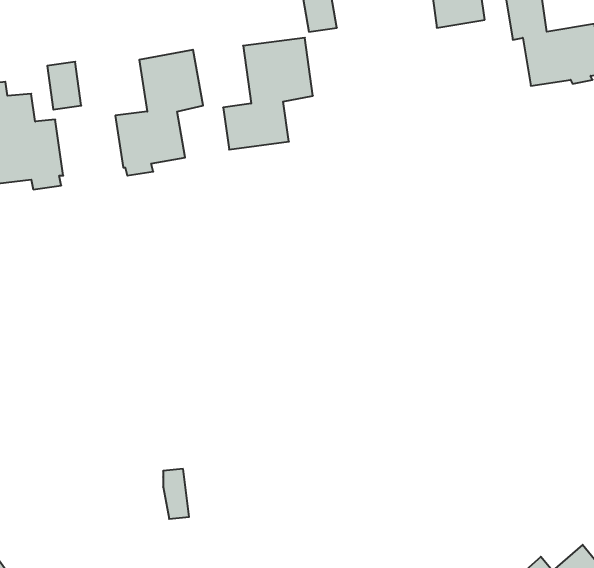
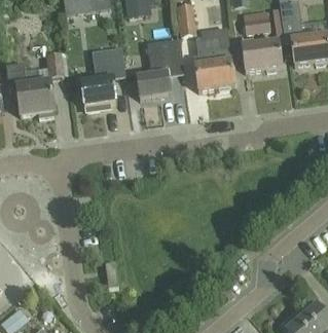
building: none -> [192,28,234,90]
building: none -> [241,39,282,71]

